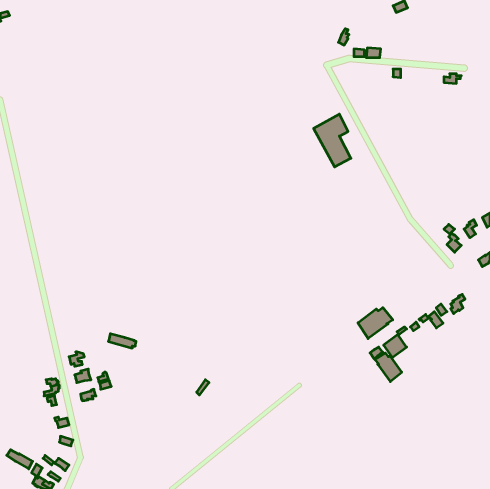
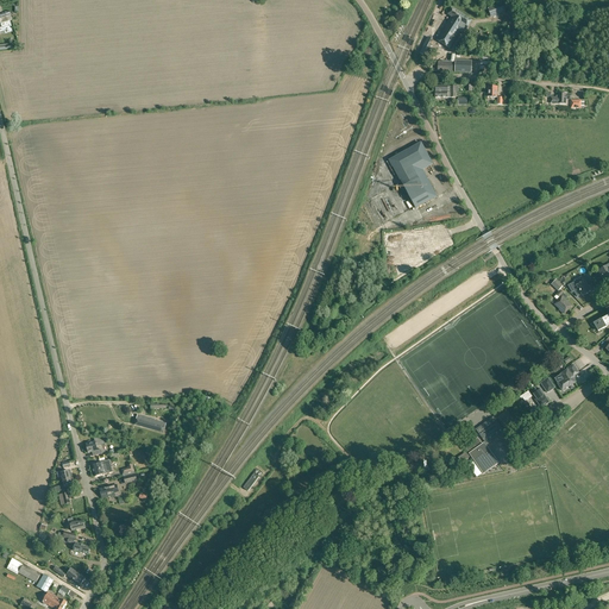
building: none -> [437,7,471,46]
building: [358,308,393,339] -> none

